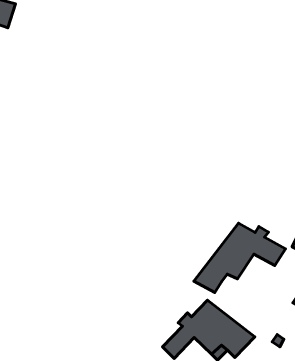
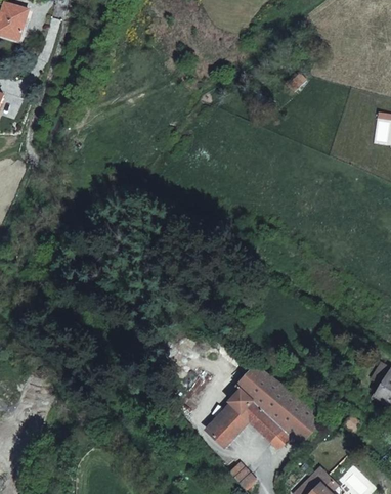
building: [194,223,286,293] -> none

